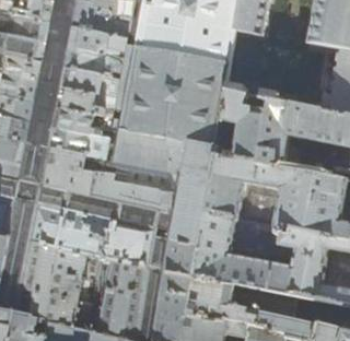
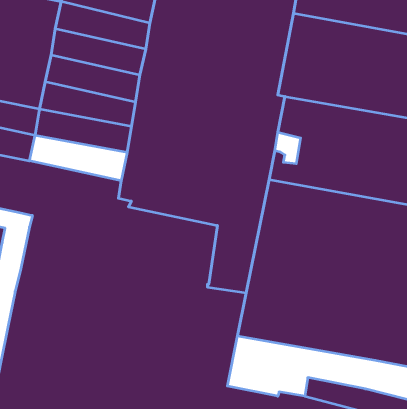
building: [35,118,109,153] -> none
building: [186,271,299,317] -> none

